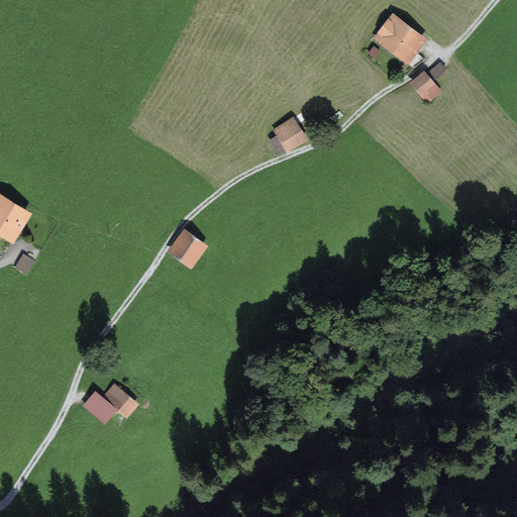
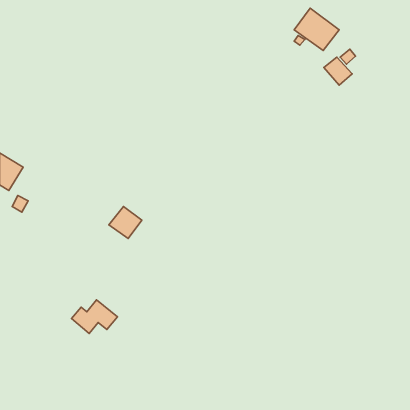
building: [268,116,309,157] -> none
building: [166,230,207,271] -> [109,207,142,239]

